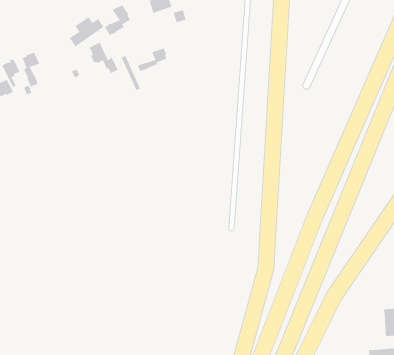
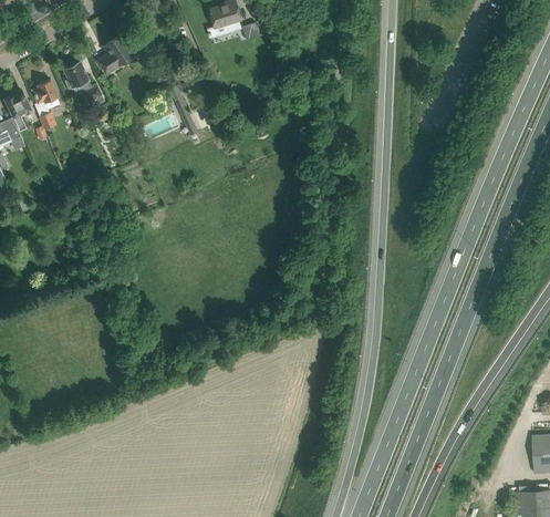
building: [104,5,131,36] -> none
building: [89,42,119,74] -> [64,62,105,106]
building: [137,48,167,72] -> none

